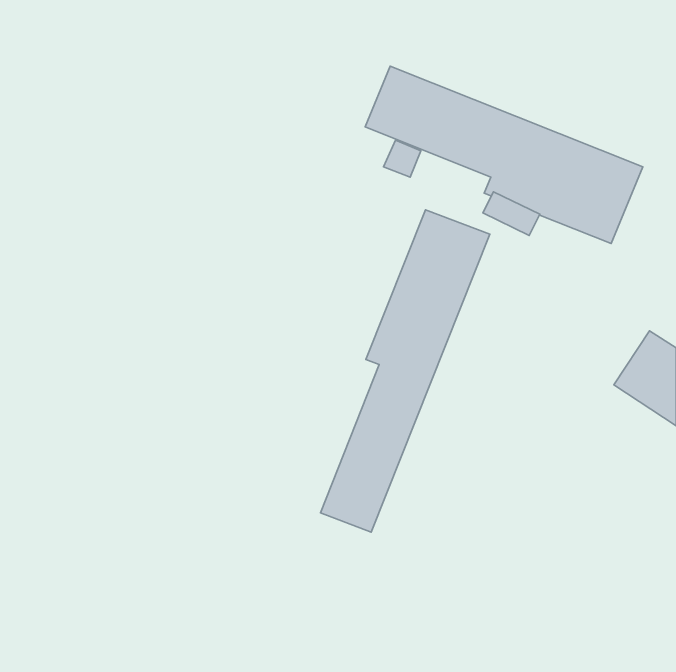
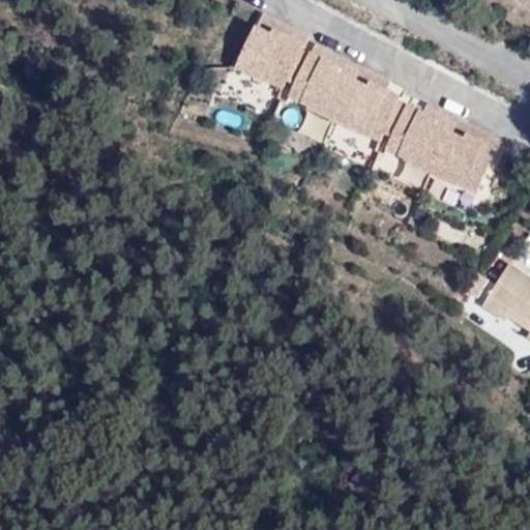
building: none -> [236,17,305,89]
building: [320,210,490,532] -> none

